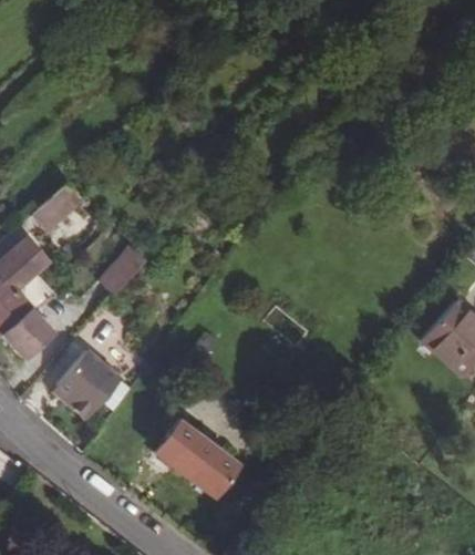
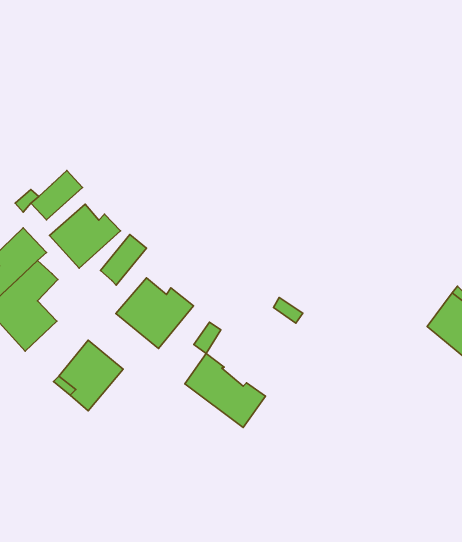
building: none -> [50,204,120,268]
building: none -> [116,278,194,348]
building: [157,422,237,495] -> [185,354,266,428]

